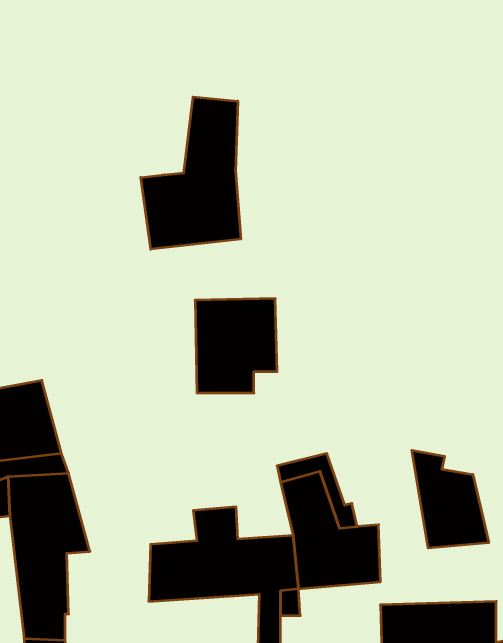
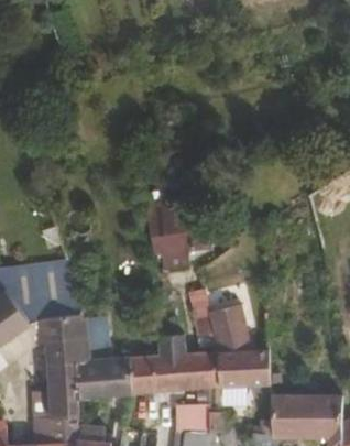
building: [141,97,241,249] -> none
building: [412,450,489,548] -> none
building: none -> [78,359,130,402]

